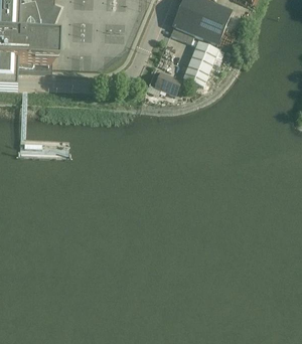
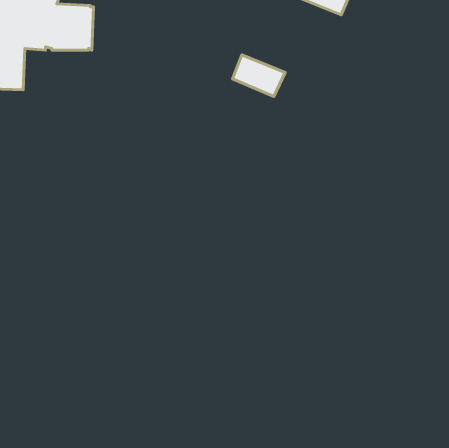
building: [183,38,218,84] -> none

